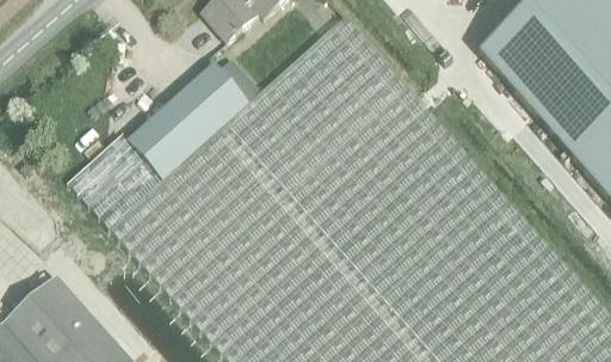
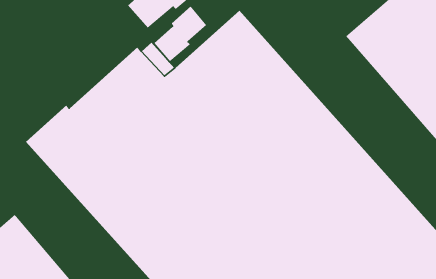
building: none -> [153,6,207,62]

